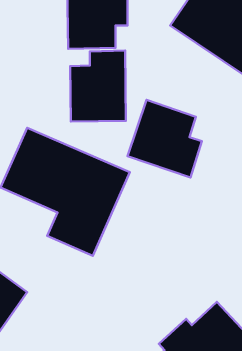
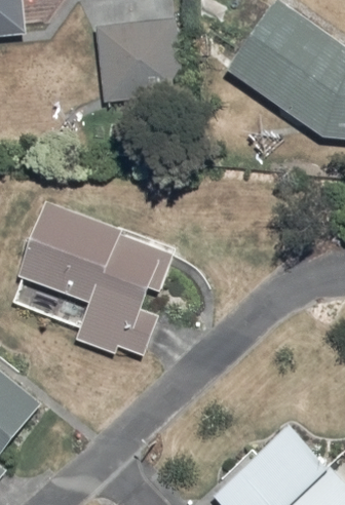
building: [70,50,126,122] -> none
building: [128,100,202,177] -> none

